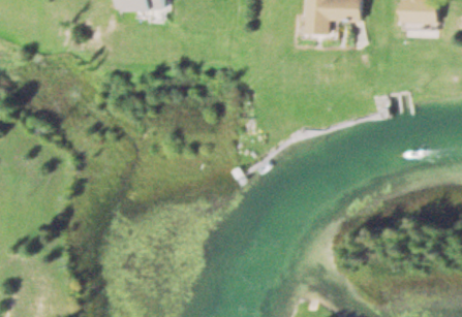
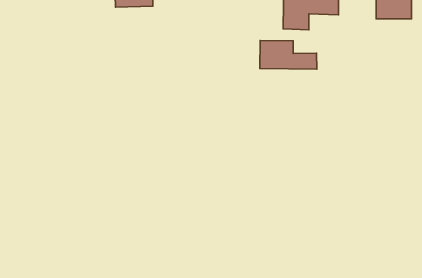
building: none -> [260,40,317,69]

